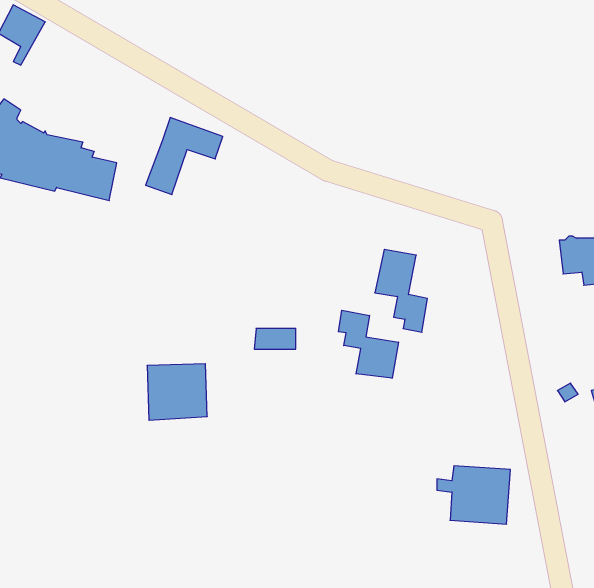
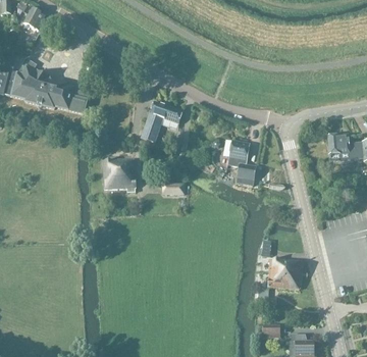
building: [146,118,223,195] -> [141,101,182,143]
building: [338,310,398,378] -> none
building: [147,364,207,420] -> [103,159,136,190]

